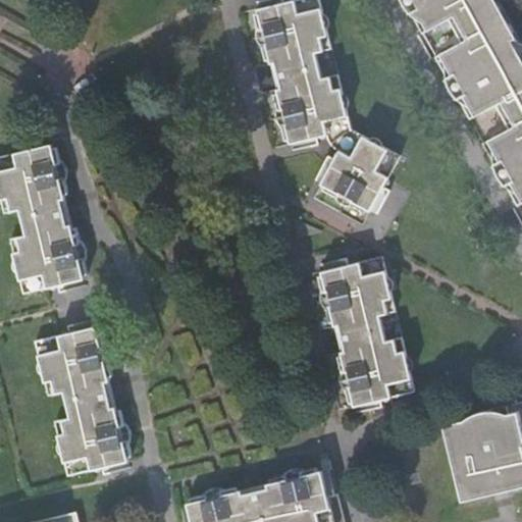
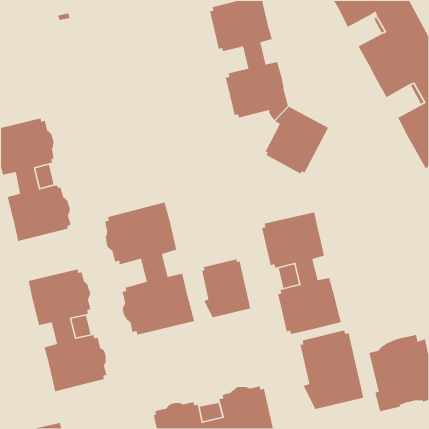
building: none -> [104,202,195,335]
building: none -> [201,259,251,318]
building: none -> [300,330,364,410]

